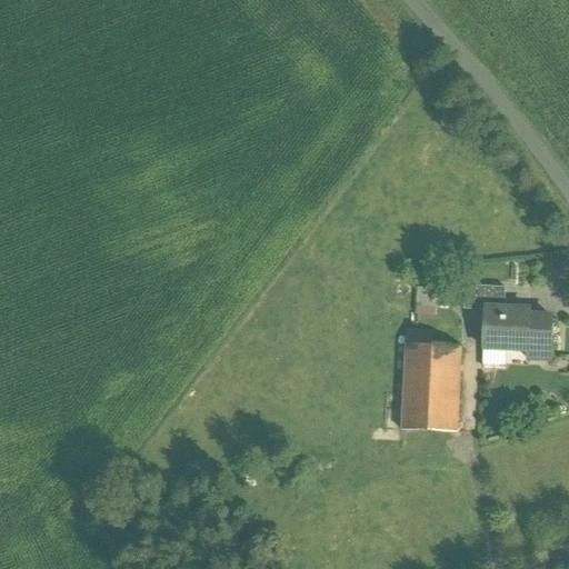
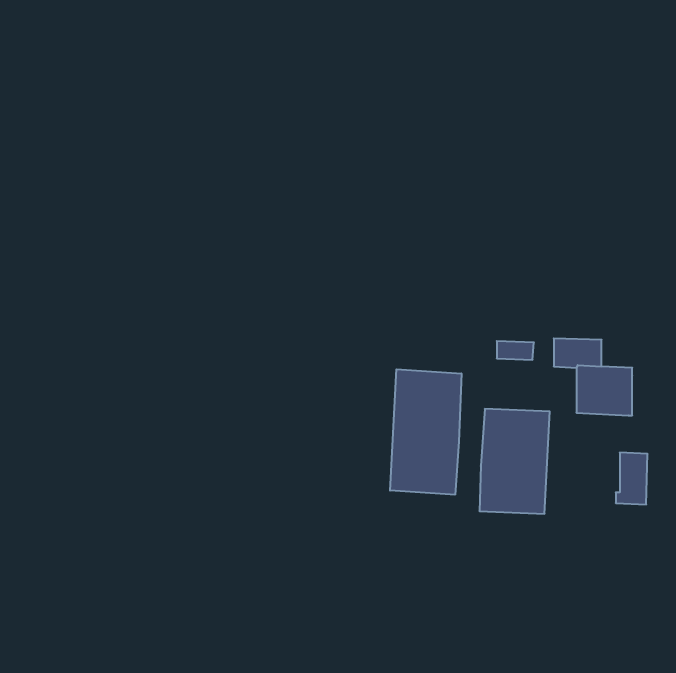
building: none -> [390,369,461,495]
building: [526,315,552,358] -> [616,453,648,504]

